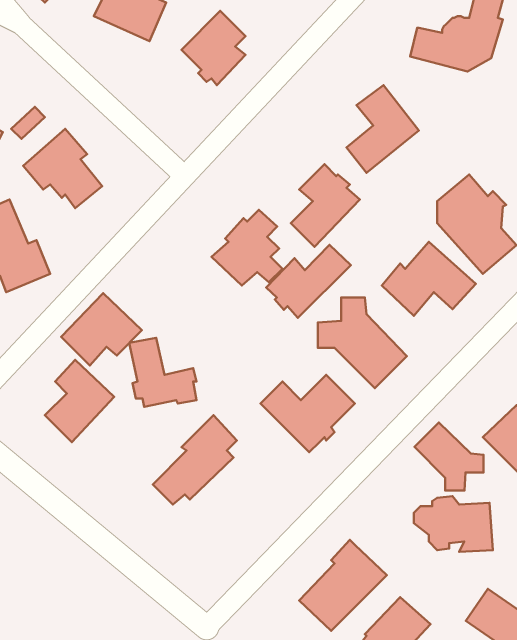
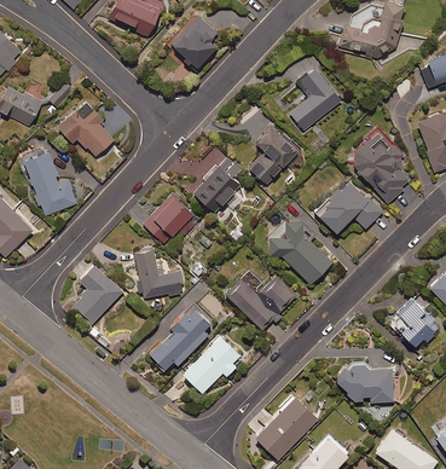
building: [266,245,351,318] -> none
building: [61,293,142,365] -> [144,192,202,244]
building: [414,423,484,491] -> none
building: none -> [184,336,241,393]

